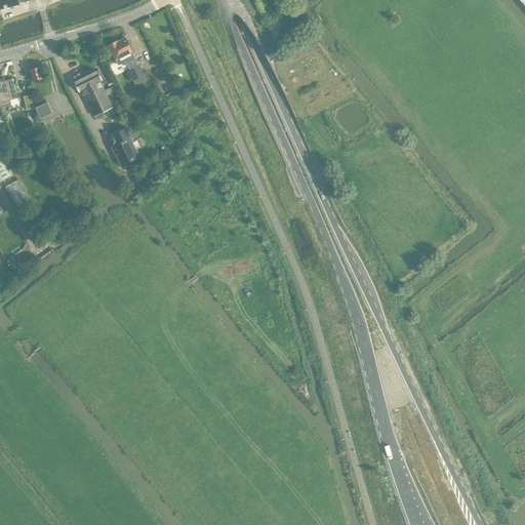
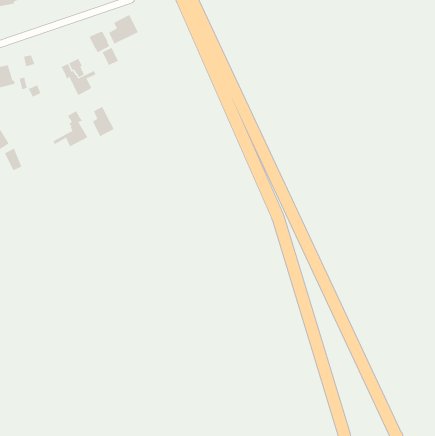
building: none -> [108,14,139,45]
building: none -> [53,110,88,147]

